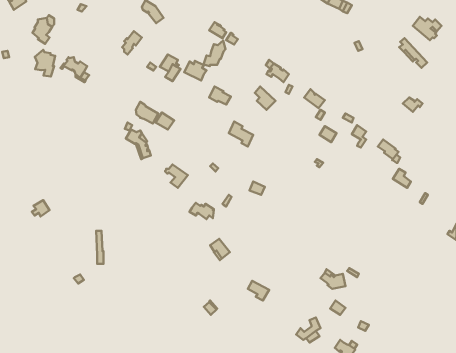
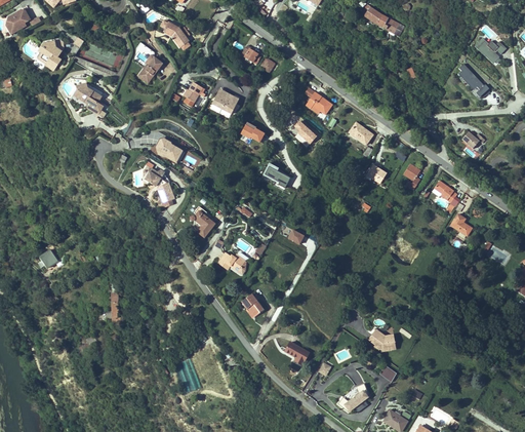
building: [203,41,226,66] -> none
building: [35,50,55,76] -> none

